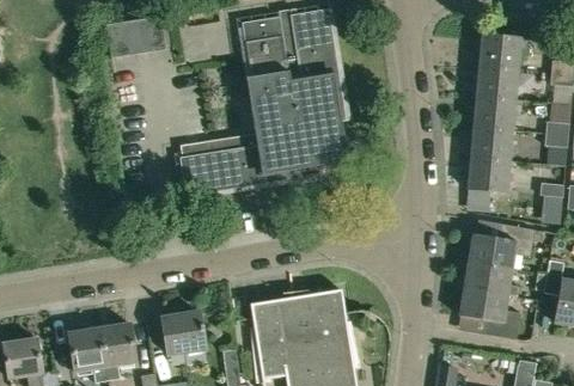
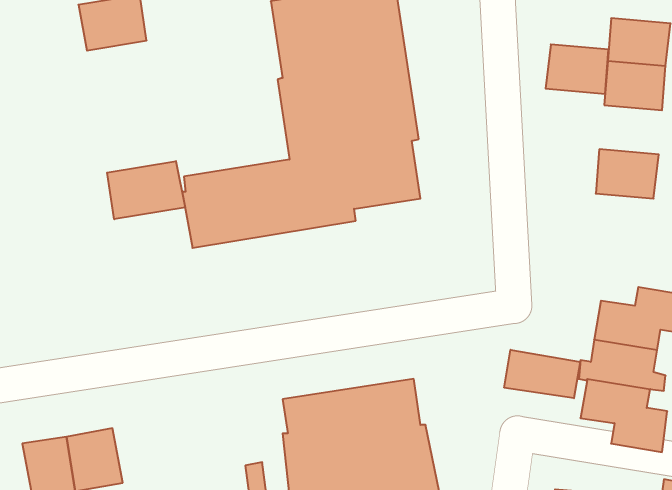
building: [472,96,517,130] -> [546,44,609,94]
building: none -> [107,161,185,219]
building: [468,158,511,192] -> none
building: none -> [504,350,580,398]
building: [160,311,207,355] -> none

